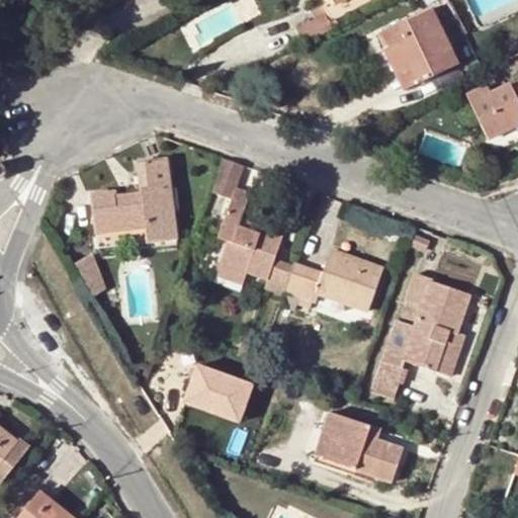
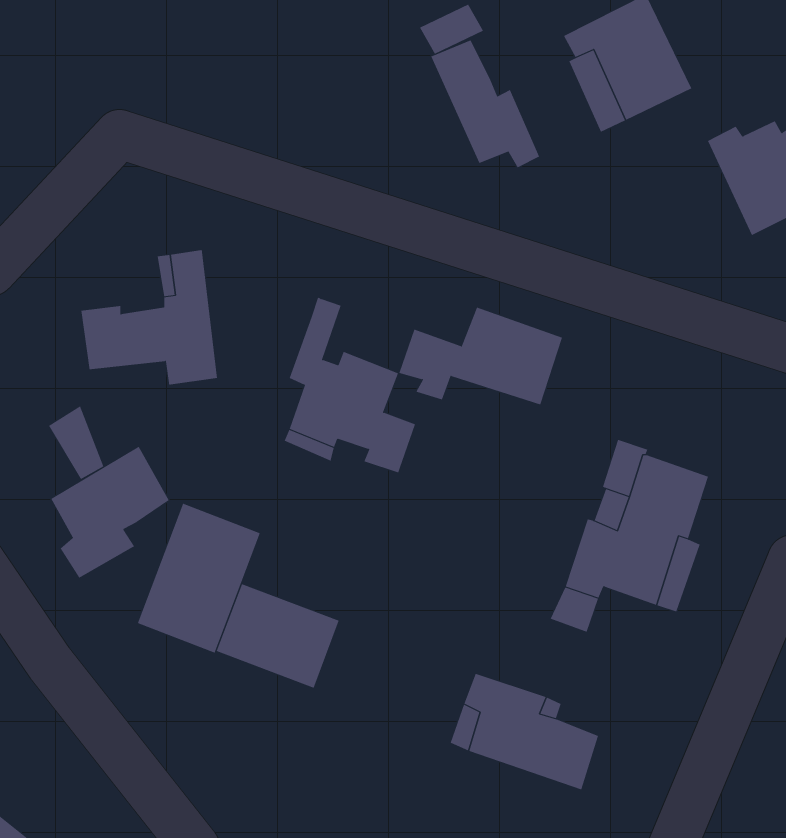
building: none -> [431,40,540,168]
building: [212,158,246,199] -> none
building: [285,250,383,309] -> [399,307,563,405]
building: none -> [50,446,170,579]
building: none -> [137,503,261,653]

